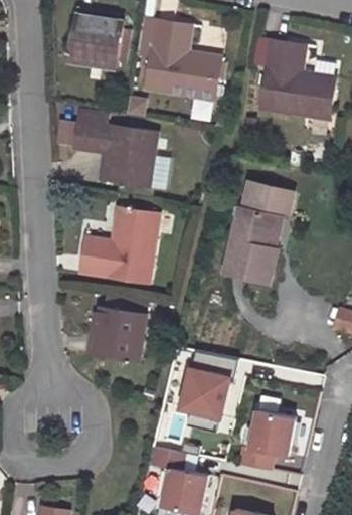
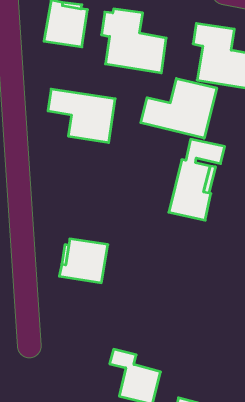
building: none -> [141,78,217,138]
building: [79,208,159,284] -> none
building: [179,348,238,424] -> none
building: [246,406,298,467] -> none

